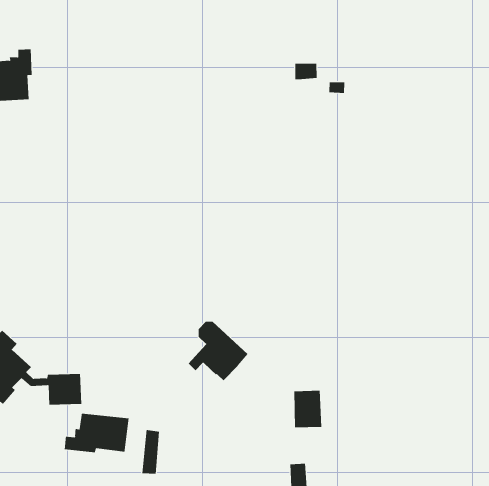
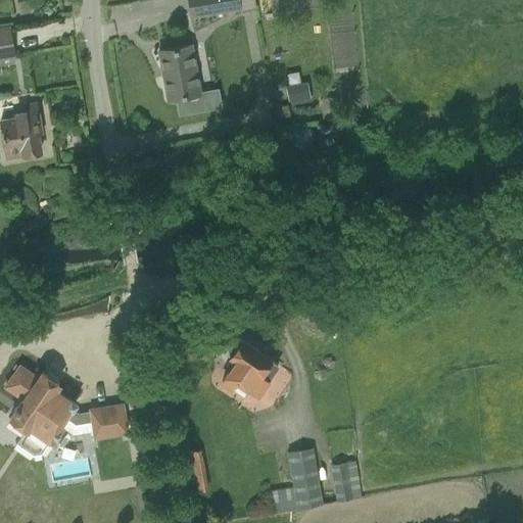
building: none -> [159,47,208,115]
building: [293,390,322,428] -> [288,448,320,487]
building: [64,413,129,453] -> none

